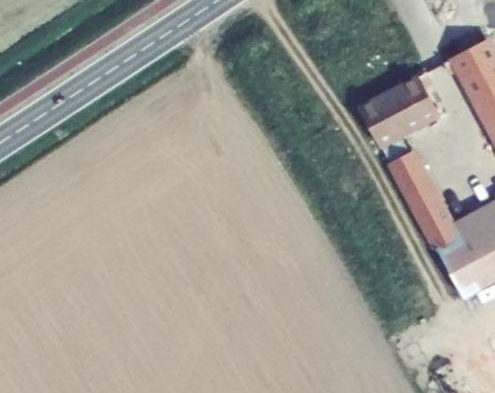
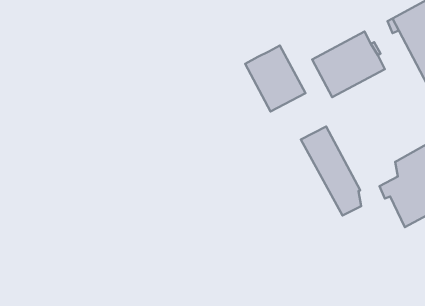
building: none -> [245,45,305,112]
building: [388,149,457,251] -> [301,127,361,216]

